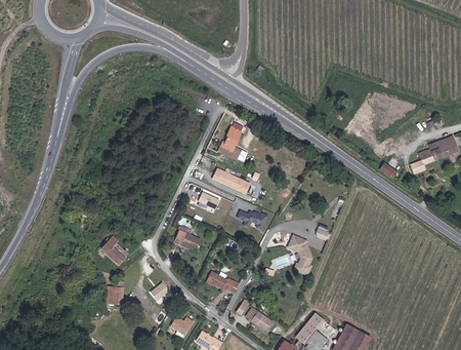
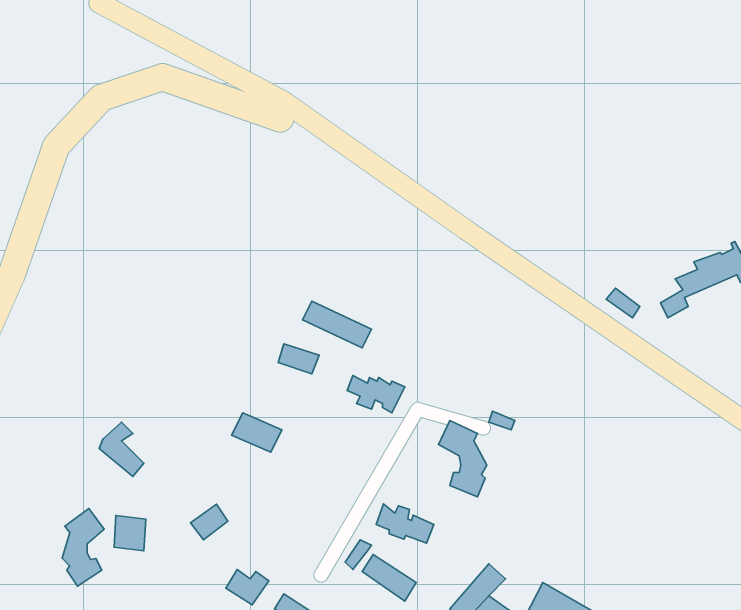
building: [218,122,245,161] -> none
building: [207,271,239,293] -> [376,504,434,543]
building: none -> [62,508,104,586]

